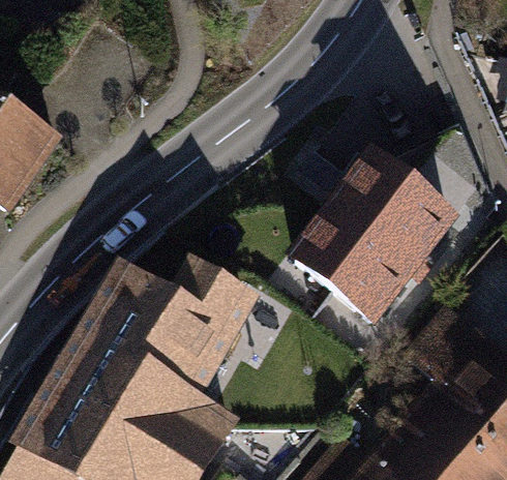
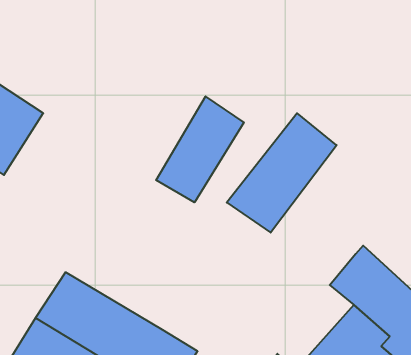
building: none -> [156,96,244,202]
building: [336,184,455,320] -> none
building: [89,267,265,407] -> none

